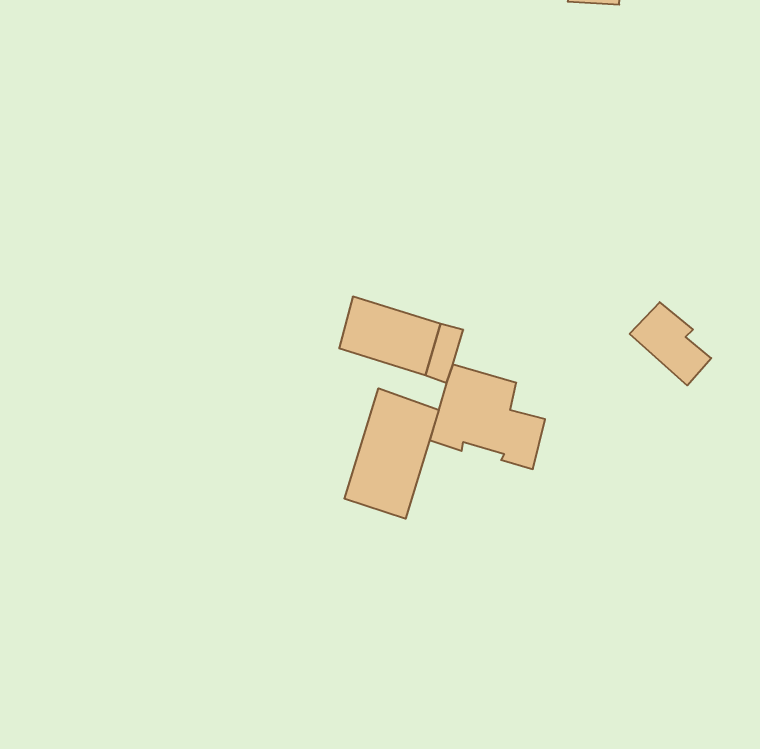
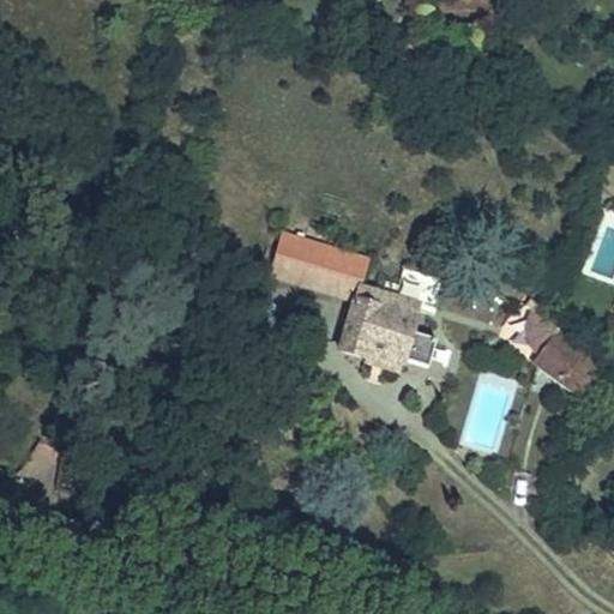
building: [630,302,711,385] -> [530,327,595,393]
building: [344,388,439,519] -> none

